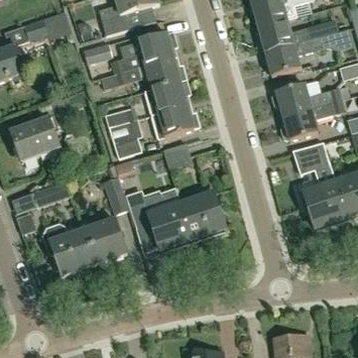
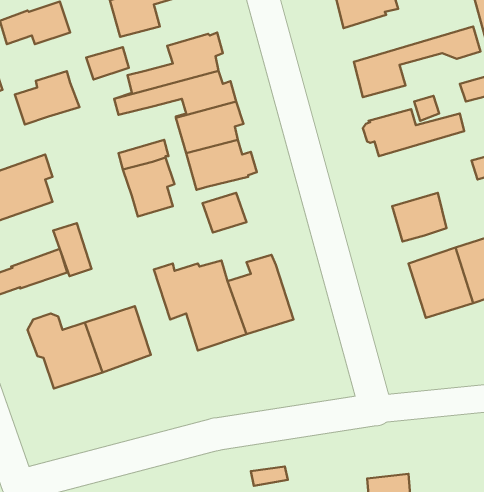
building: [259,18,348,52] -> none
building: none -> [15,71,80,125]
building: [281,100,346,141] -> none
building: [103,176,129,213] -> [53,223,92,276]

